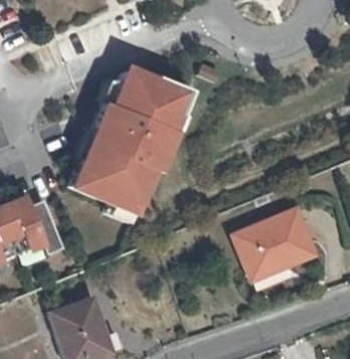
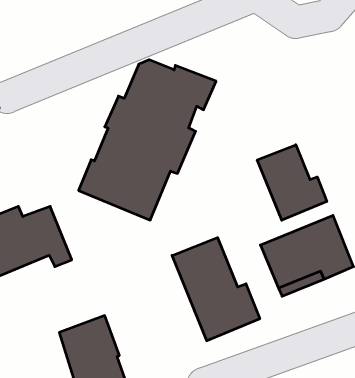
building: none -> [257,145,327,220]
building: none -> [172,238,260,341]

